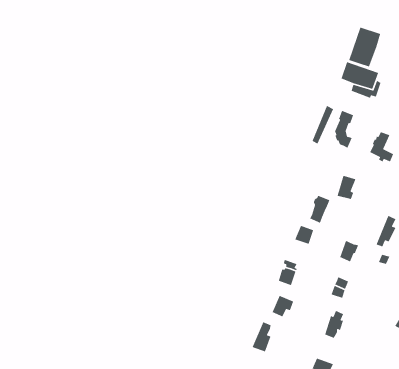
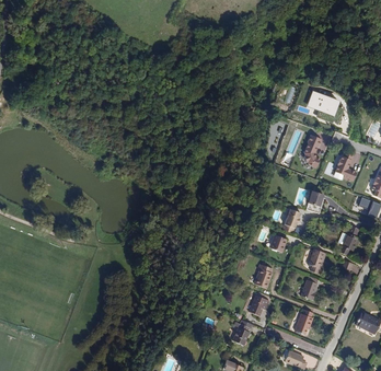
building: [348,26,381,68] -> none

